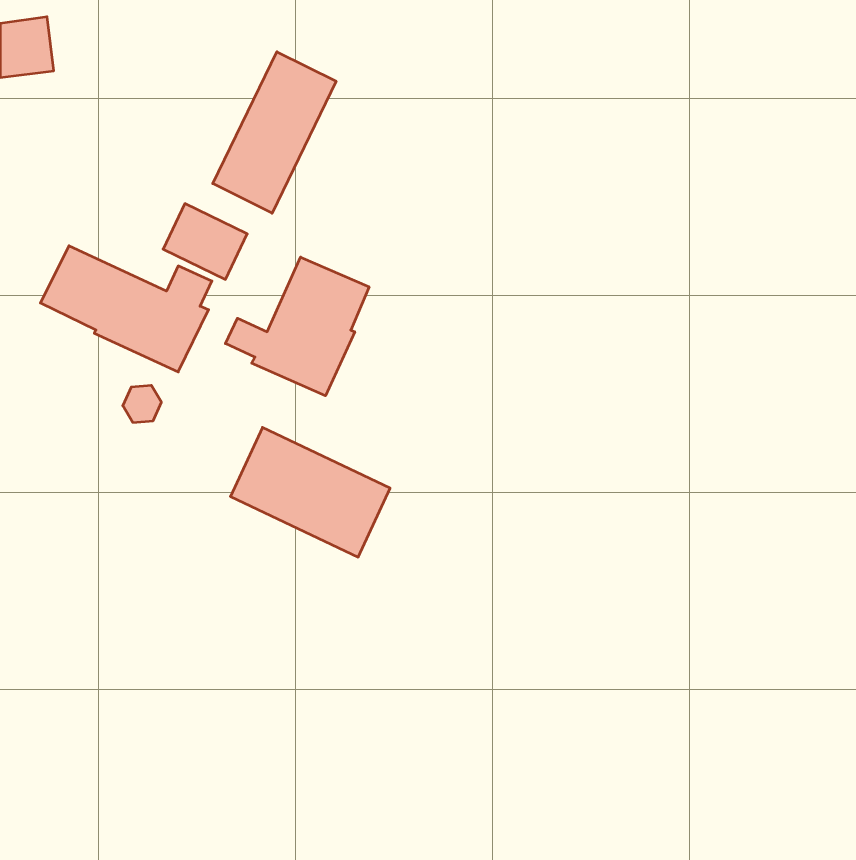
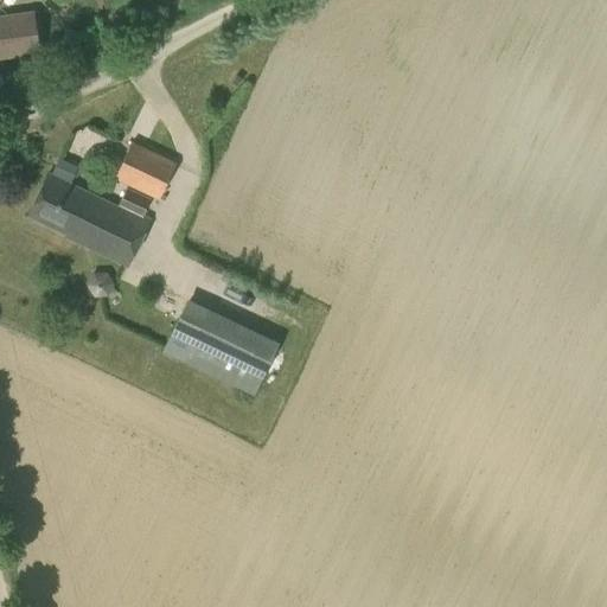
building: [213,52,336,213] -> none
building: [225,257,369,396] -> none

